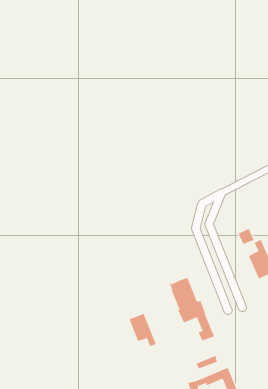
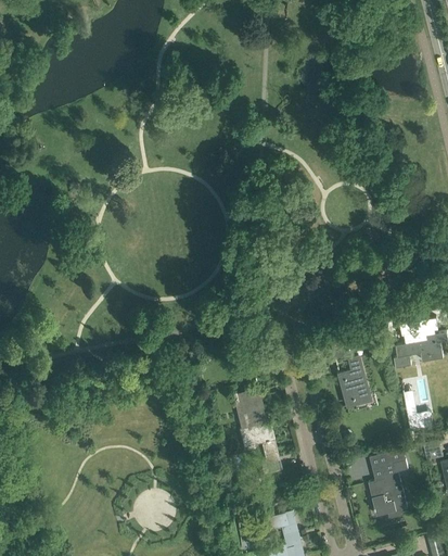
building: [129,313,156,347] -> none

